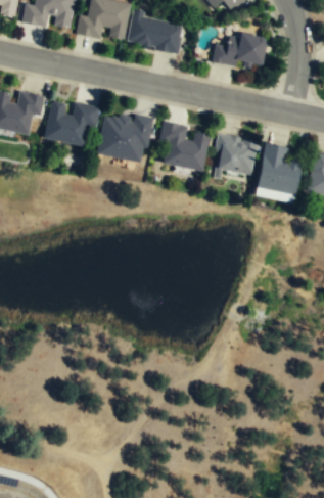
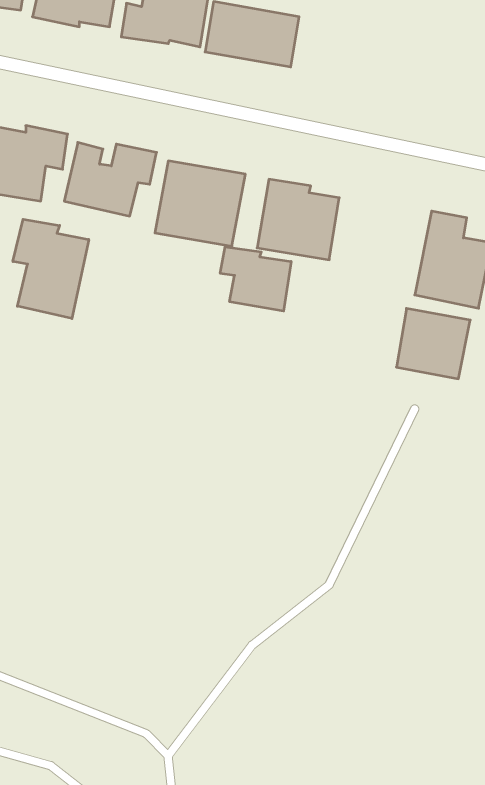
building: [213,32,266,67] -> none
building: [214,132,259,175] -> [396,308,470,379]
building: none -> [13,219,89,319]
building: none -> [220,247,291,311]

